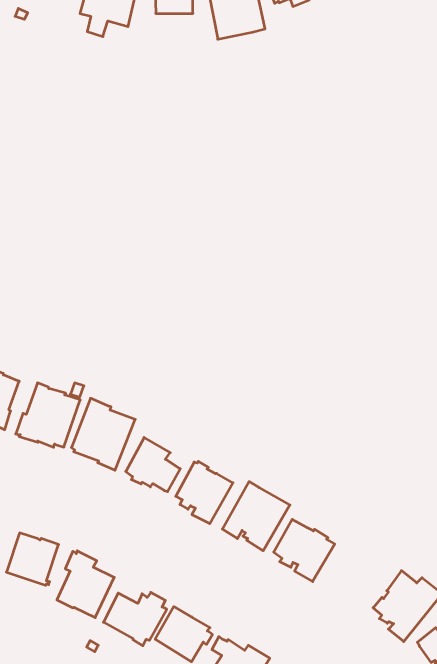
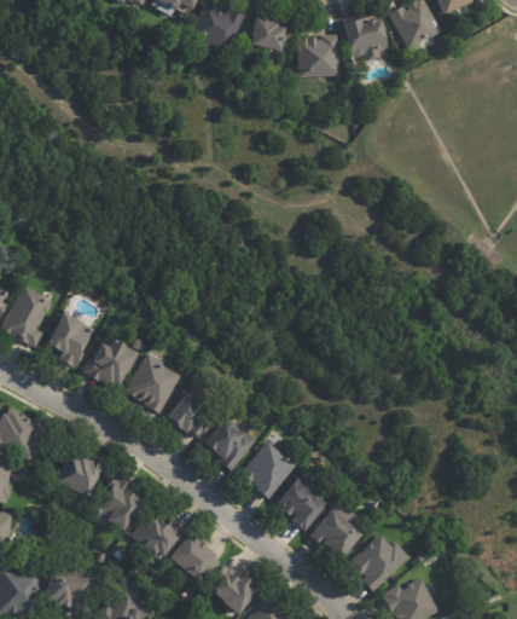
building: none -> [309,501,361,560]

